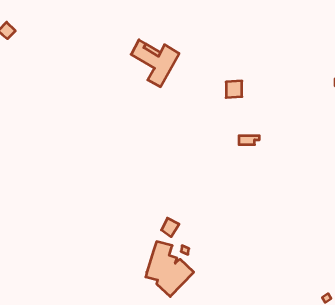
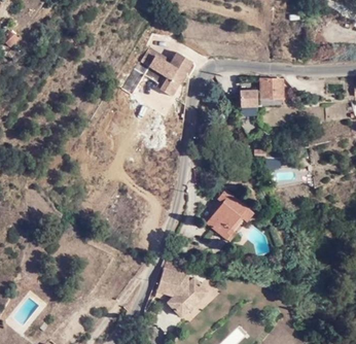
building: none -> [260,79,284,99]
building: none -> [207,191,253,242]

